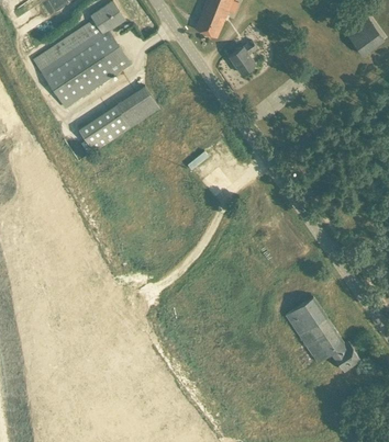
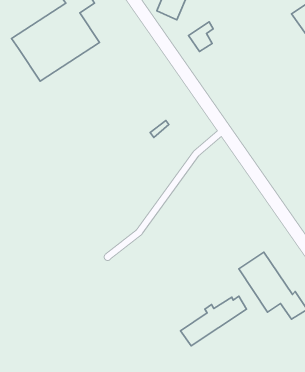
building: [79,86,159,151] -> none
building: none -> [181,296,246,346]

